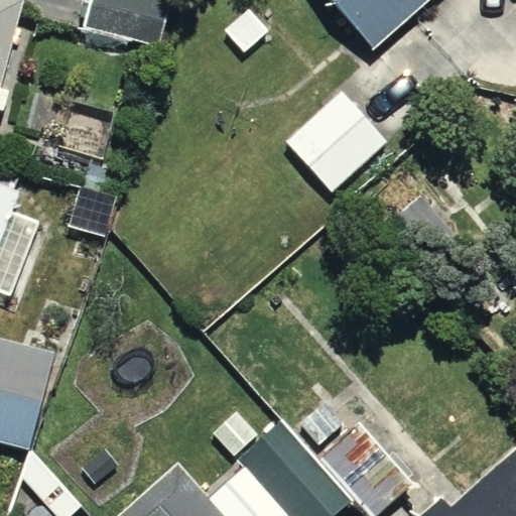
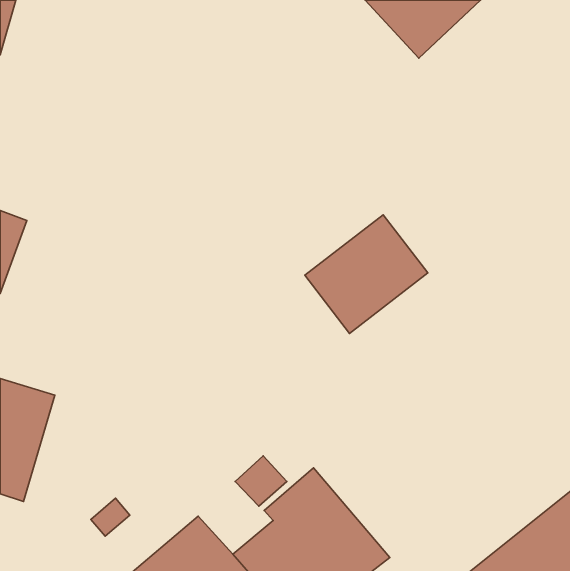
building: [273,88,384,195] -> [305,215,428,333]

